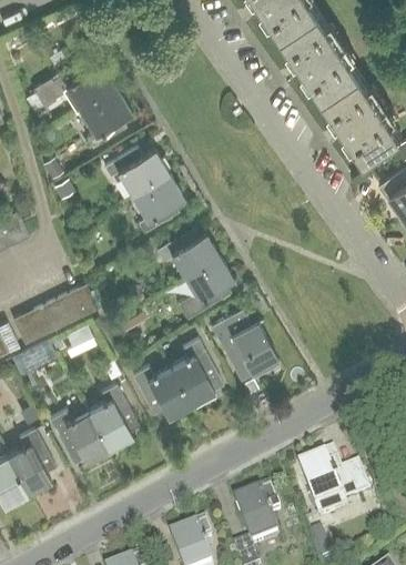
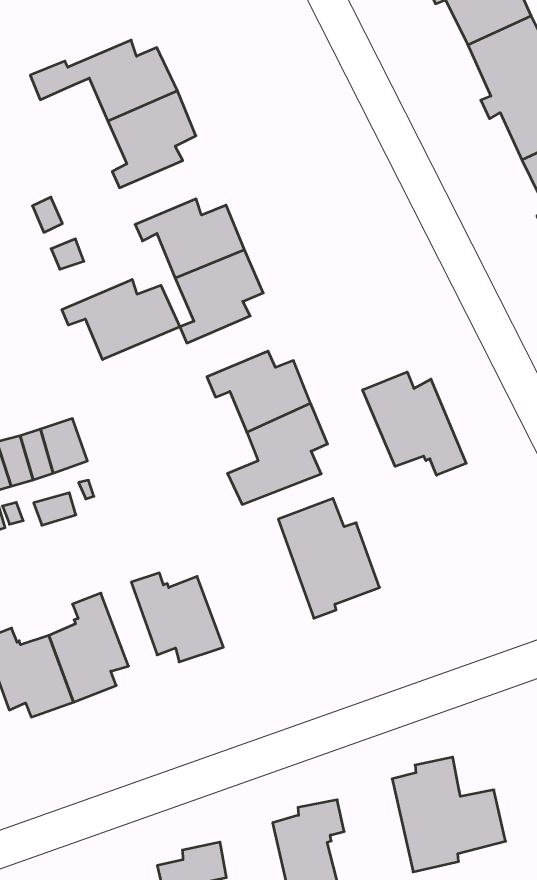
building: none -> [62,279,180,360]
building: none -> [363,372,466,475]
building: [169,341,217,406] -> none

